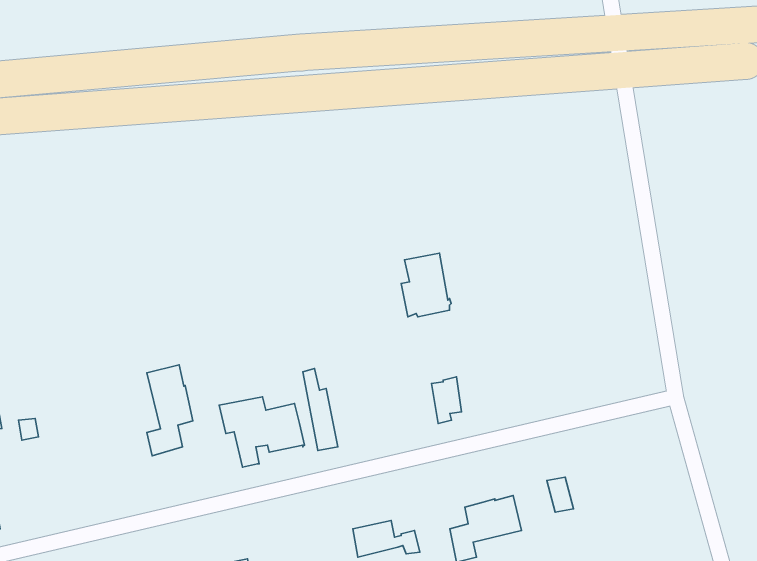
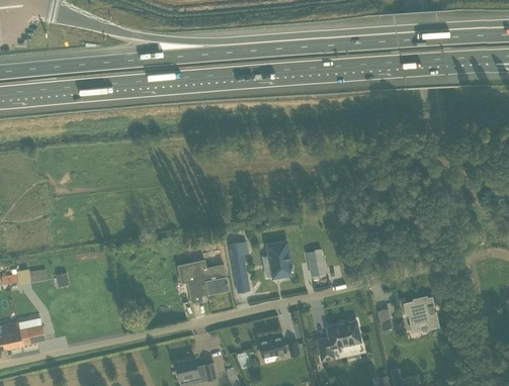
building: [401,253,451,317] -> [262,239,292,278]
building: [147,365,193,456] -> none
building: none -> [402,295,439,331]

